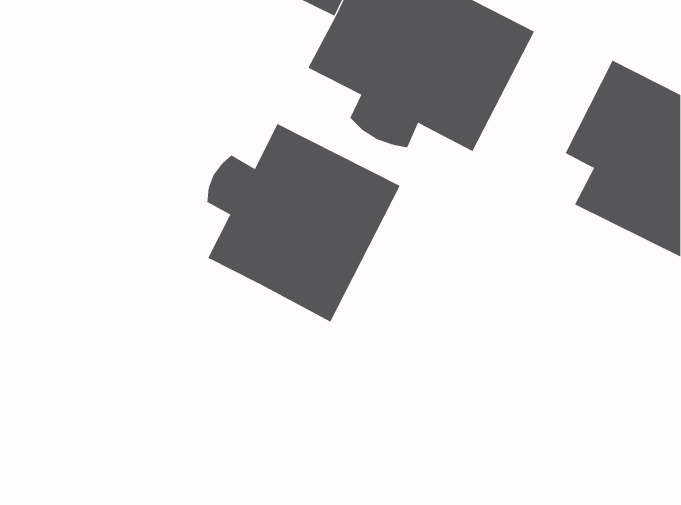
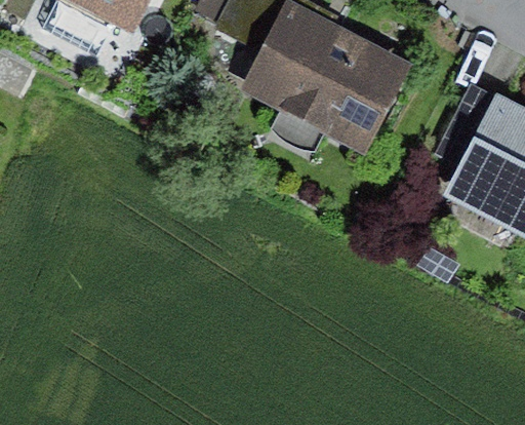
building: [207,123,401,323] -> none

